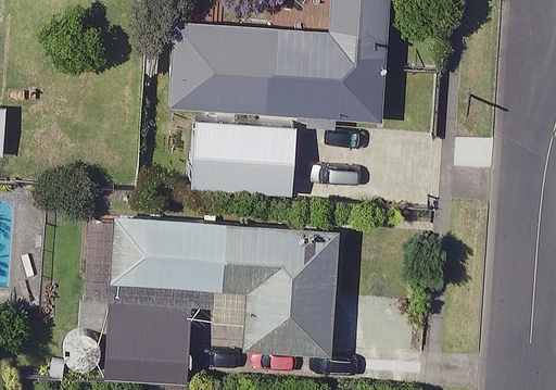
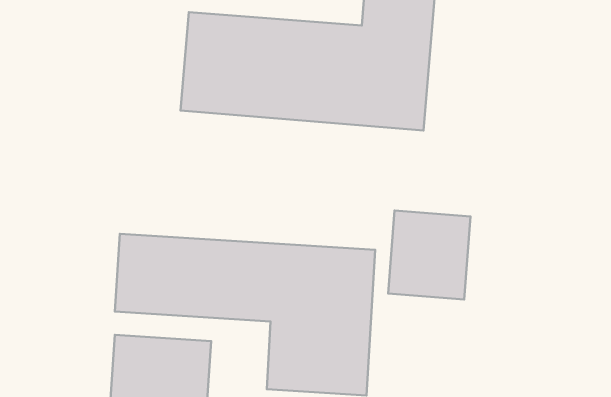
building: [190,121,299,197] -> none
building: none -> [388,210,471,300]

